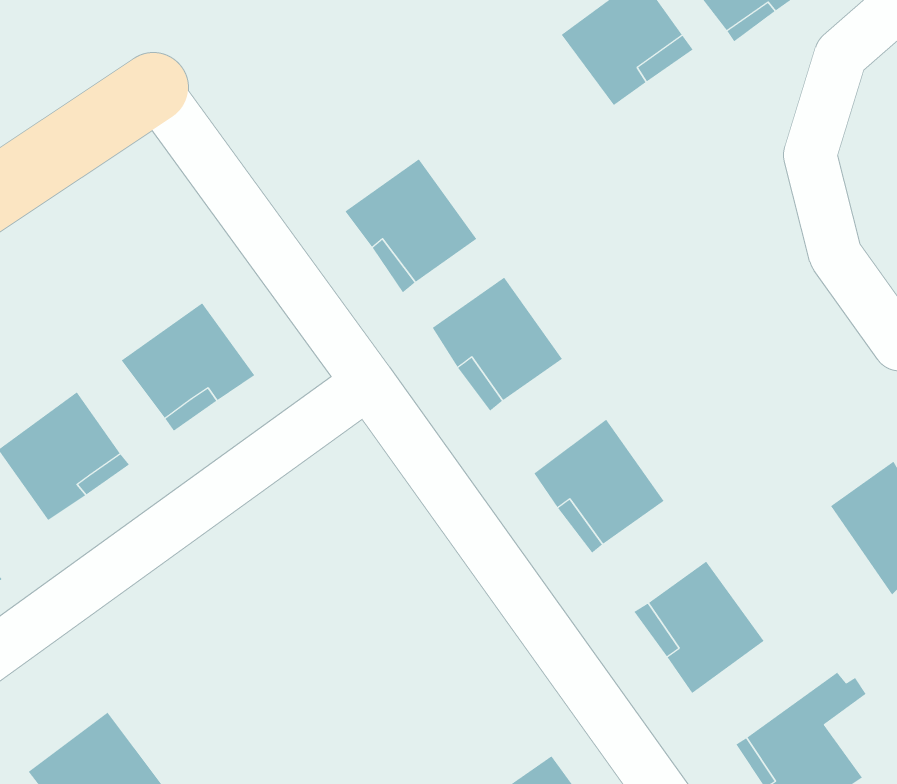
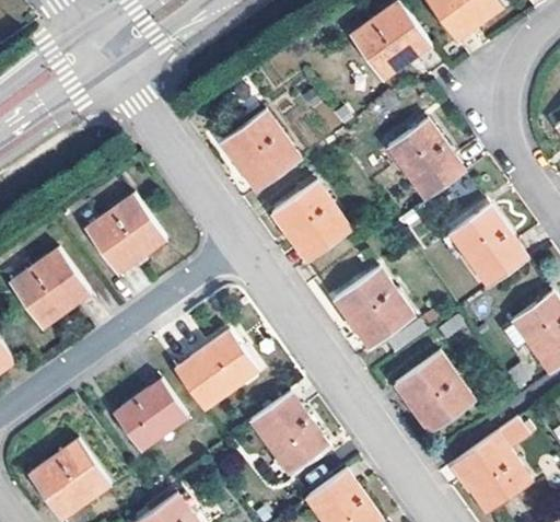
building: none -> [388,118,466,201]
building: none -> [450,205,528,288]
building: none -> [176,332,257,410]
building: none -> [115,382,188,453]
building: none -> [250,393,329,475]

